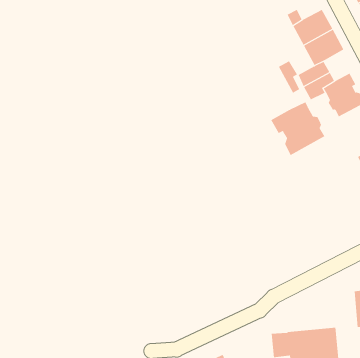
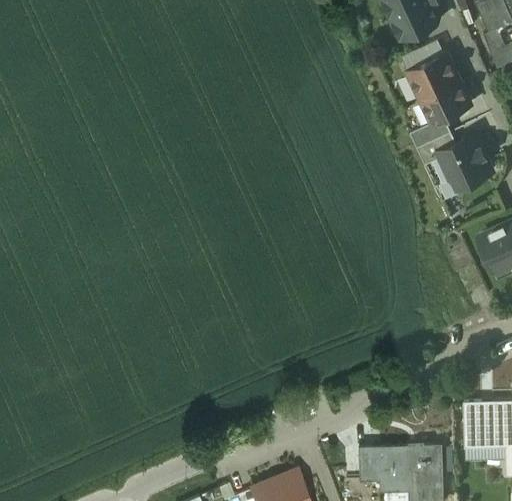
building: [278,60,300,93] -> none
building: [271,101,325,156] -> none

